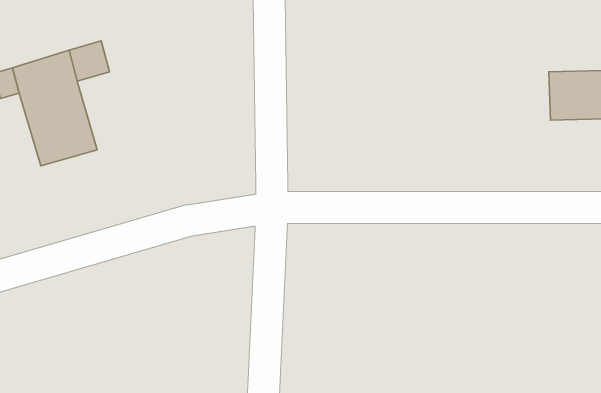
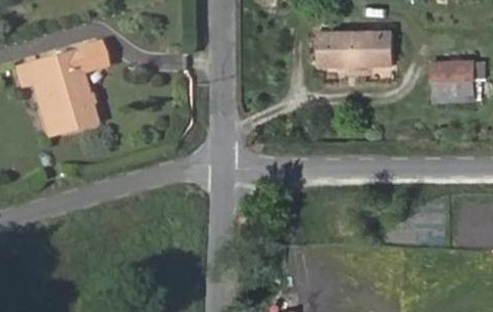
building: none -> [325,33,395,65]

